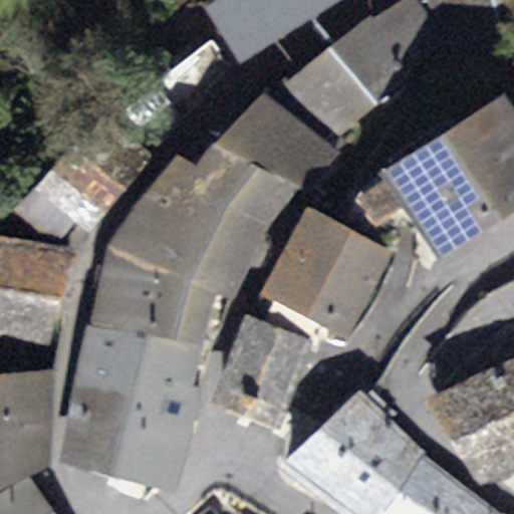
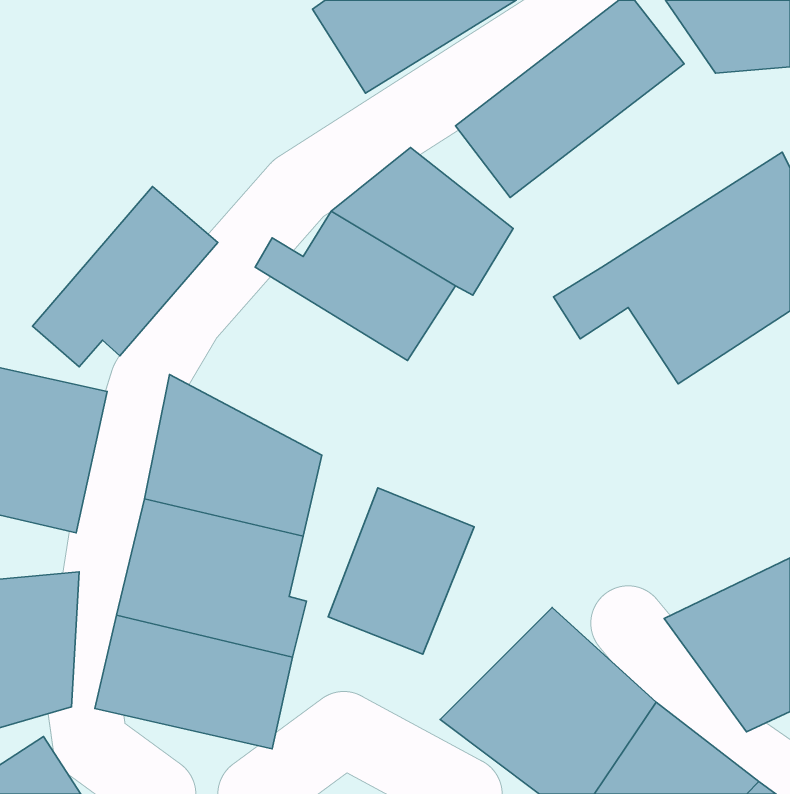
building: [109,173,263,303] -> none
building: [259,208,387,340] -> none

